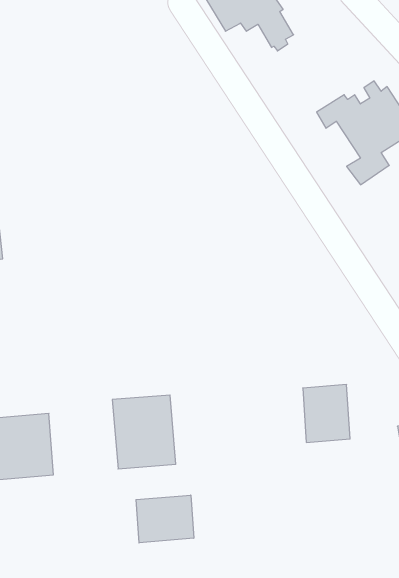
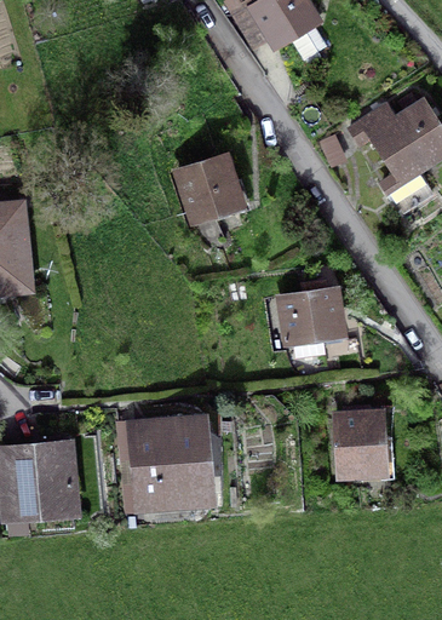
building: none -> [178,156,240,218]
building: none -> [282,291,340,355]
building: [136,495,194,543] -> none

